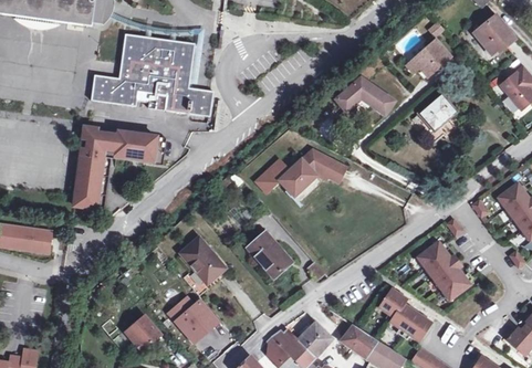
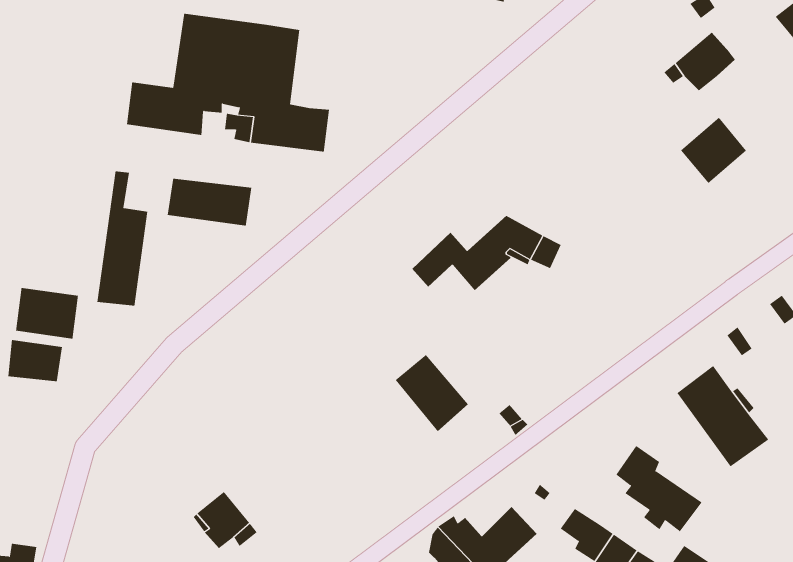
building: [342,76,397,112] -> none
building: [87,127,116,153] -> none
building: none -> [15,287,79,339]
building: [187,242,231,288] -> none
building: [174,298,218,343] -> none

